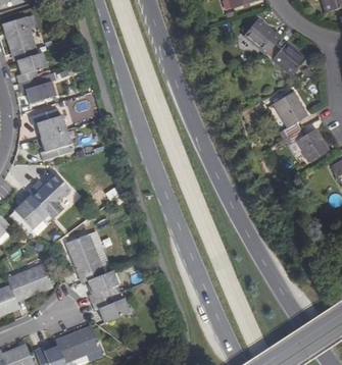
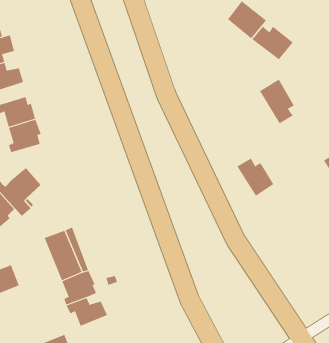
building: [291,125,326,161] -> [237,158,274,196]

